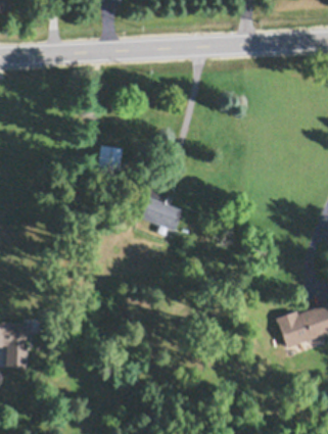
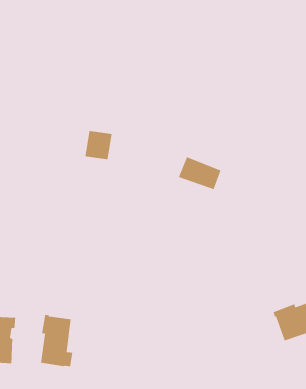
building: [140,198,182,231] -> [178,156,222,190]
building: none -> [40,314,73,367]

